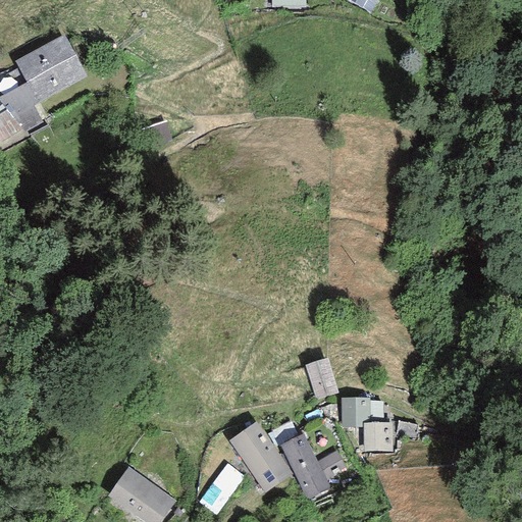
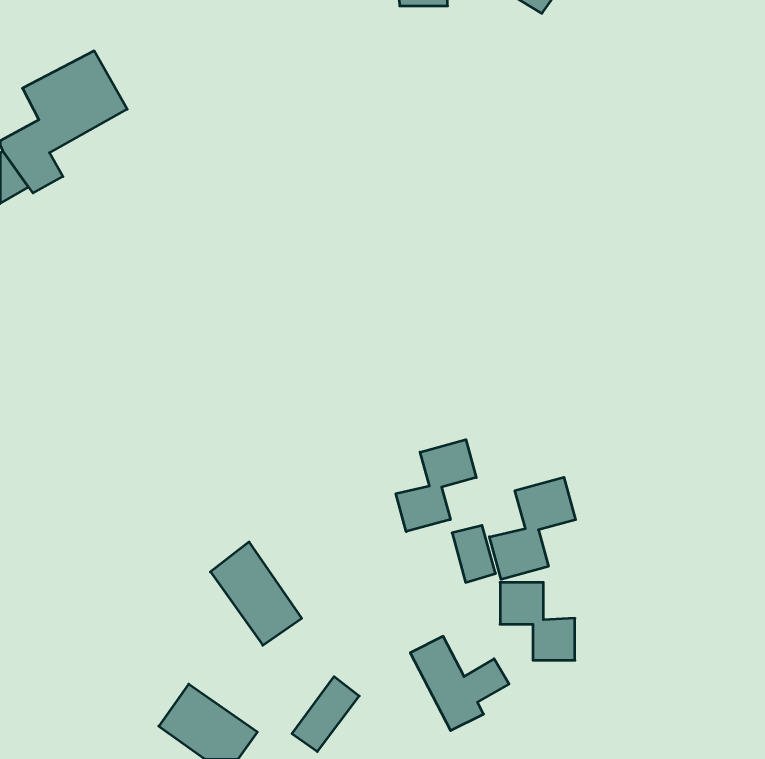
building: none -> [396,440,476,532]
building: none -> [489,477,576,579]
building: [229,420,292,490] -> [210,542,302,645]

